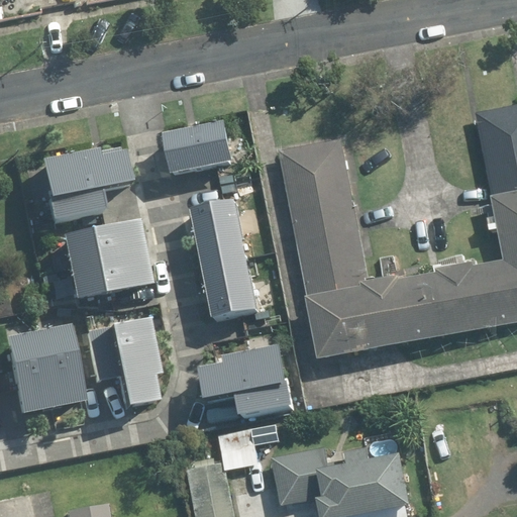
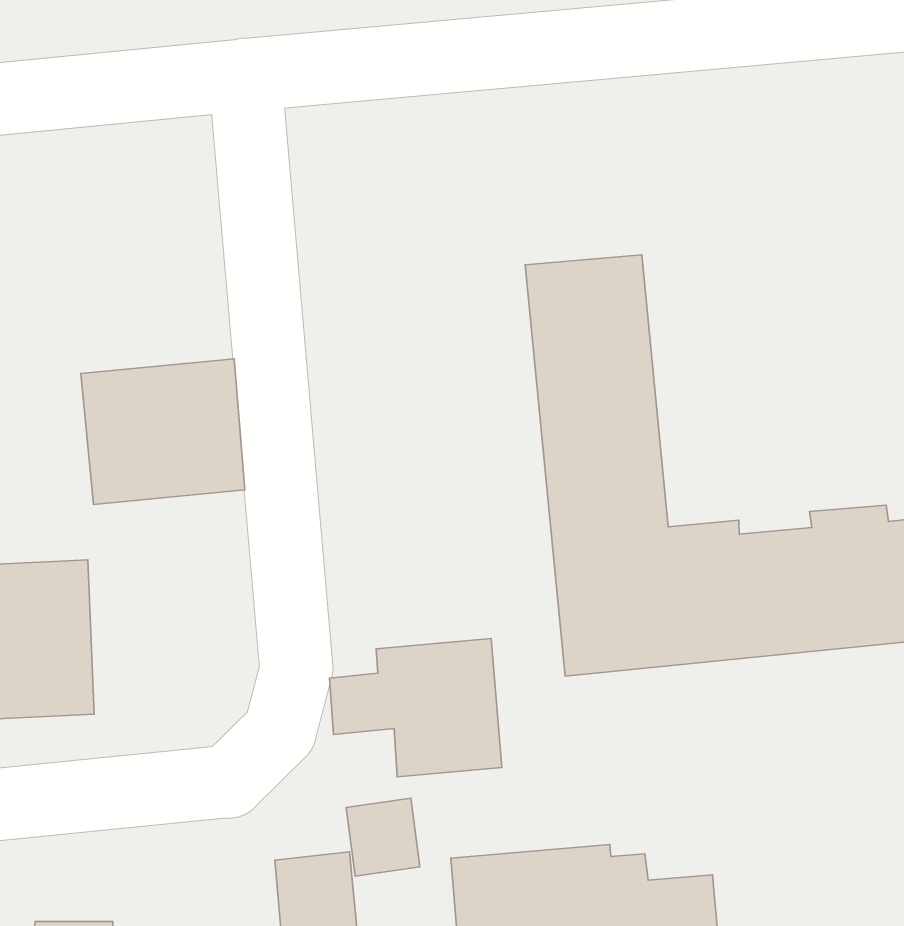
building: [163,126,230,174] -> none
building: [40,140,133,222] -> none
building: [199,201,263,319] -> none
building: [82,317,161,407] -> none

